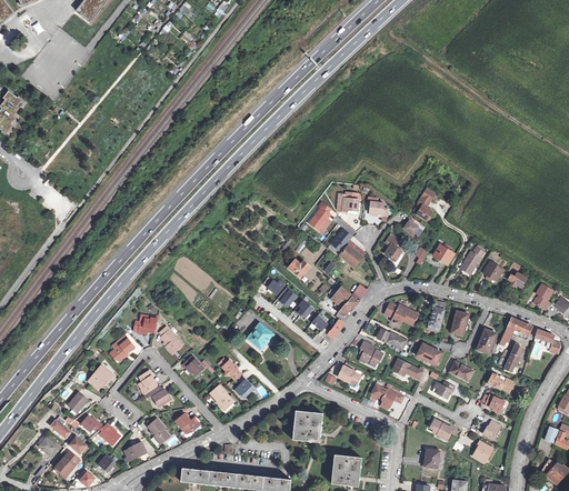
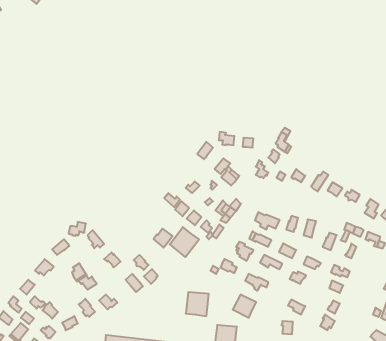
building: none -> [170,227,199,257]
building: none -> [233,294,256,318]

